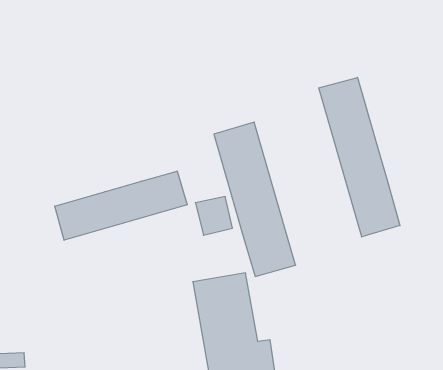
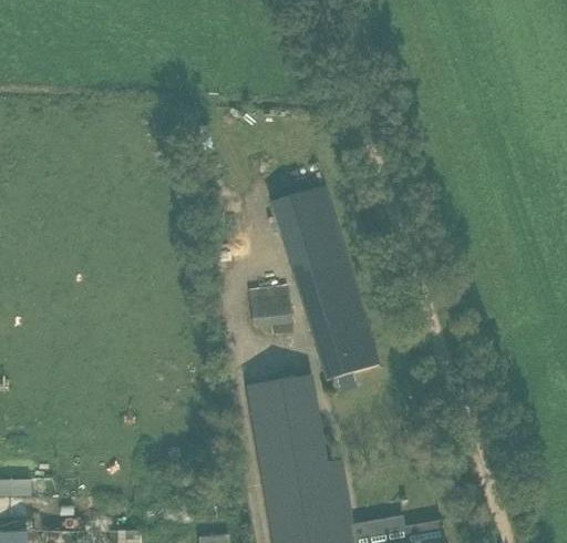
building: [319,77,400,237] -> none
building: [55,171,187,240] -> none

